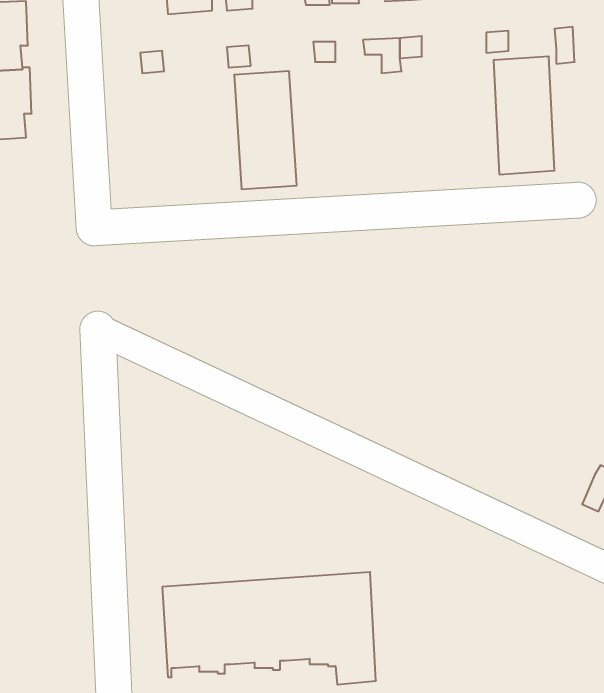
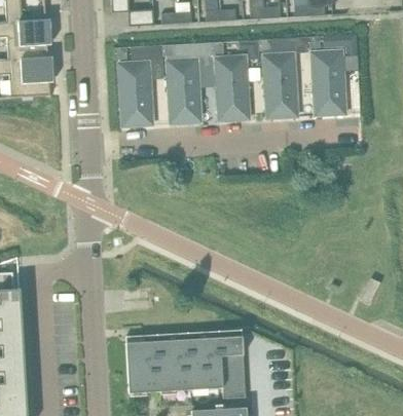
building: none -> [264,52,298,117]
building: none -> [216,54,251,120]
building: none -> [119,61,154,125]

